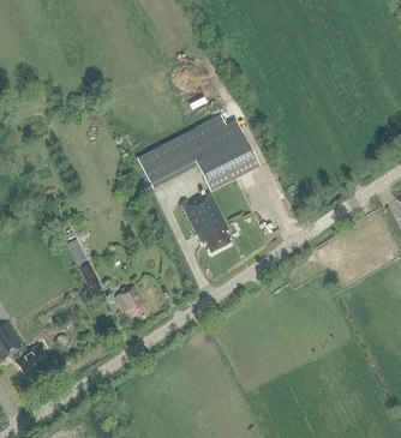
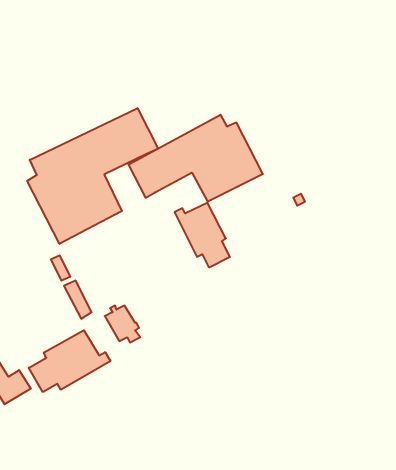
building: none -> [27,108,158,244]
building: none -> [29,330,110,392]

